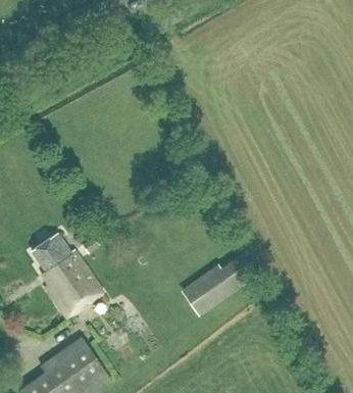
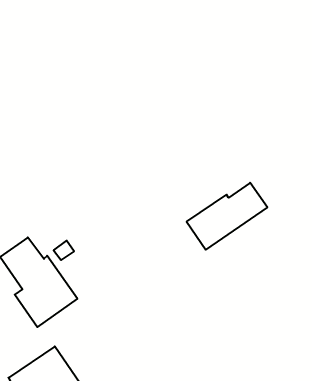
building: [182,251,258,314] -> [187,183,267,250]

